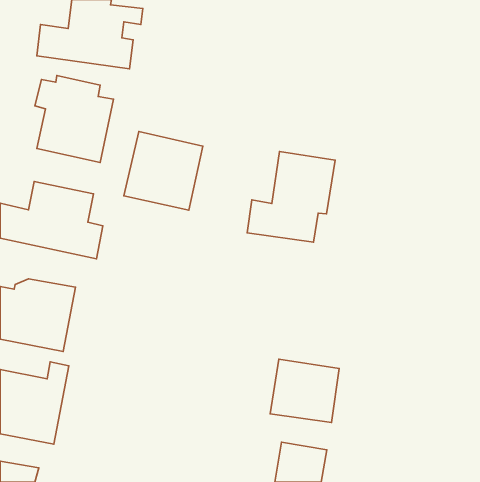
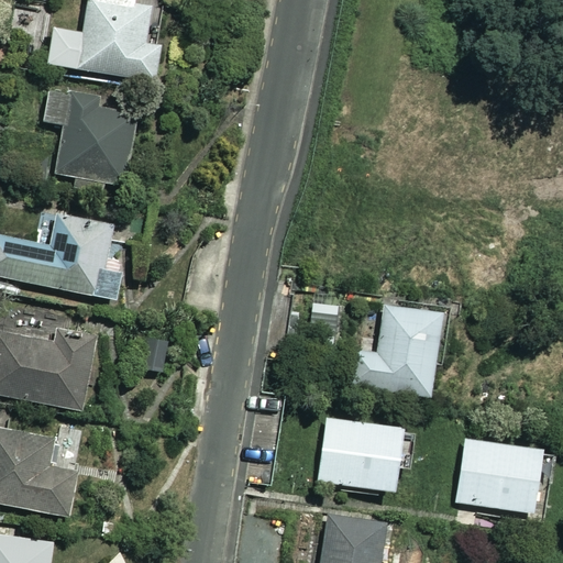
building: [124,131,203,210] -> none
building: [247,152,335,242] -> [350,291,452,397]
building: none -> [456,439,538,514]

